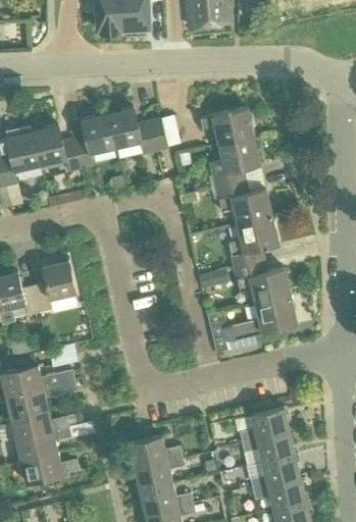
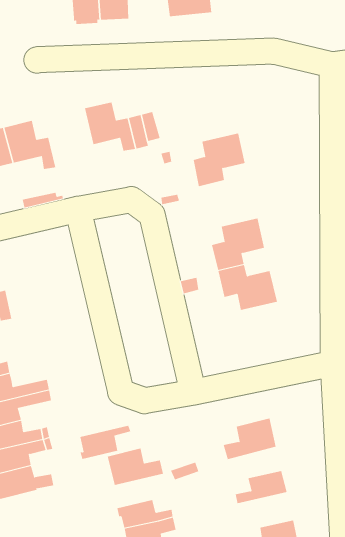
building: [200,108,254,145] -> none
building: [73,113,115,169] -> none
building: [215,181,272,225] -> none
building: [33,261,75,313] -> none
building: [222,297,297,342] -> none
building: [243,434,295,464] -> none
building: [136,460,185,492] -> [80,425,131,459]
building: [252,477,306,511] -> none

